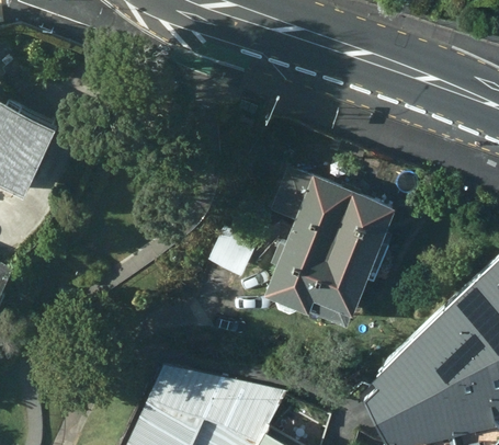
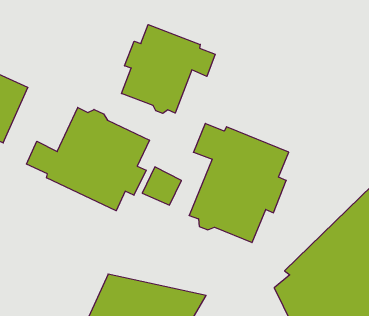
building: none -> [122,25,215,113]
building: none -> [26,107,149,211]

